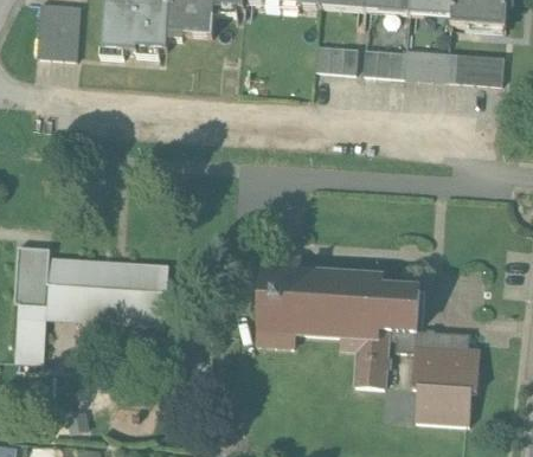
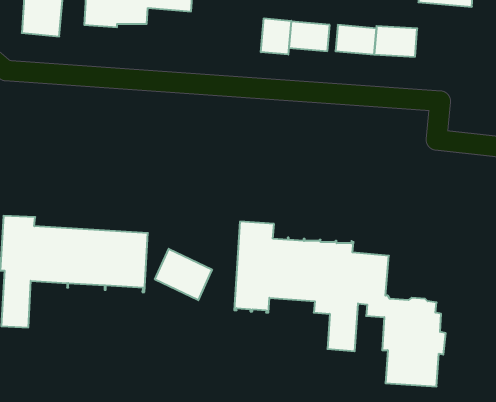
building: none -> [261,18,291,55]
building: [447,52,506,86] -> none
building: none -> [155,249,212,300]

